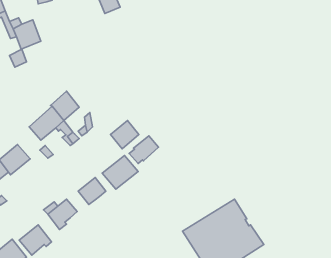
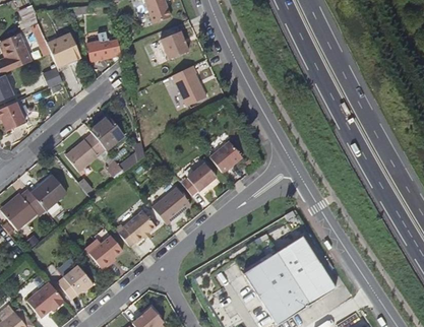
building: none -> [160,34,187,62]
building: none -> [86,39,120,59]
building: none -> [170,67,205,108]
building: [110,120,139,149] -> [208,142,241,175]

